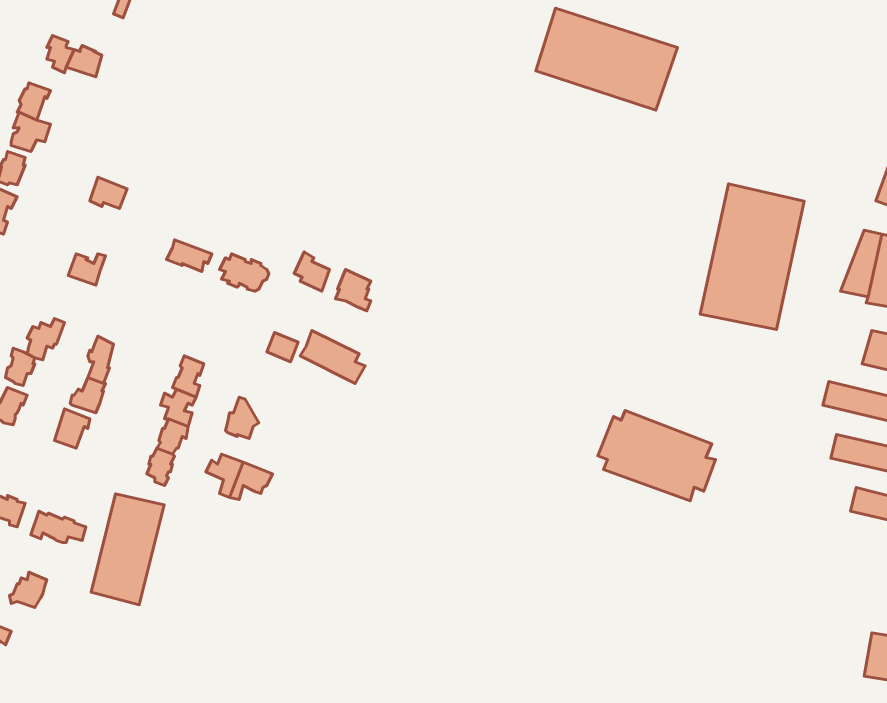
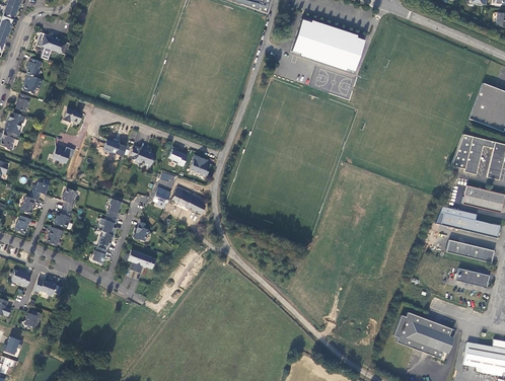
building: [700,184,804,329] -> none
building: [598,410,716,501] -> [392,311,453,358]
building: [91,494,164,605] -> none

